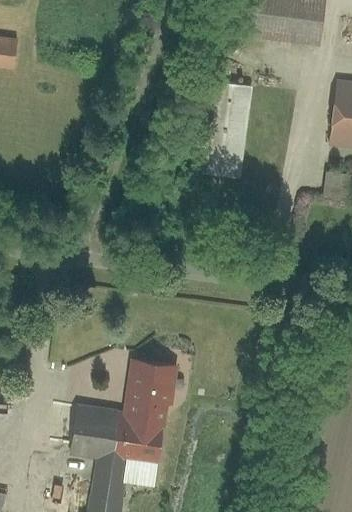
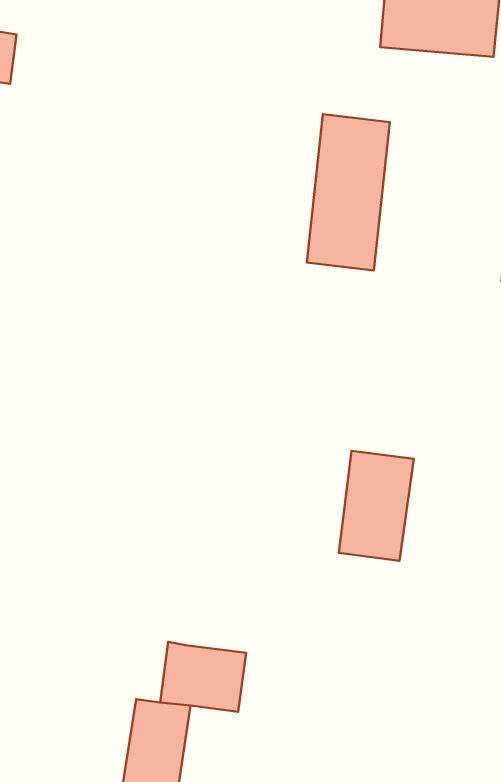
building: [125,351,172,420] -> [339,451,414,561]
building: [69,396,116,451] -> none

